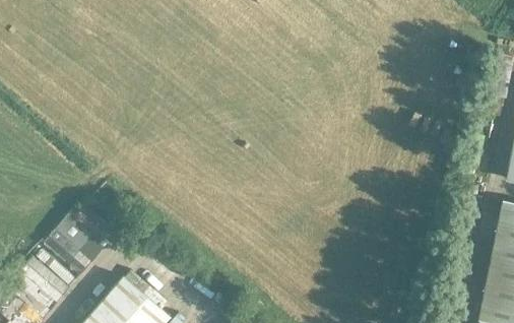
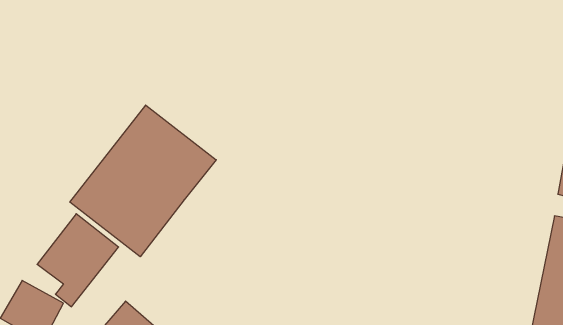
building: none -> [70,105,216,257]

